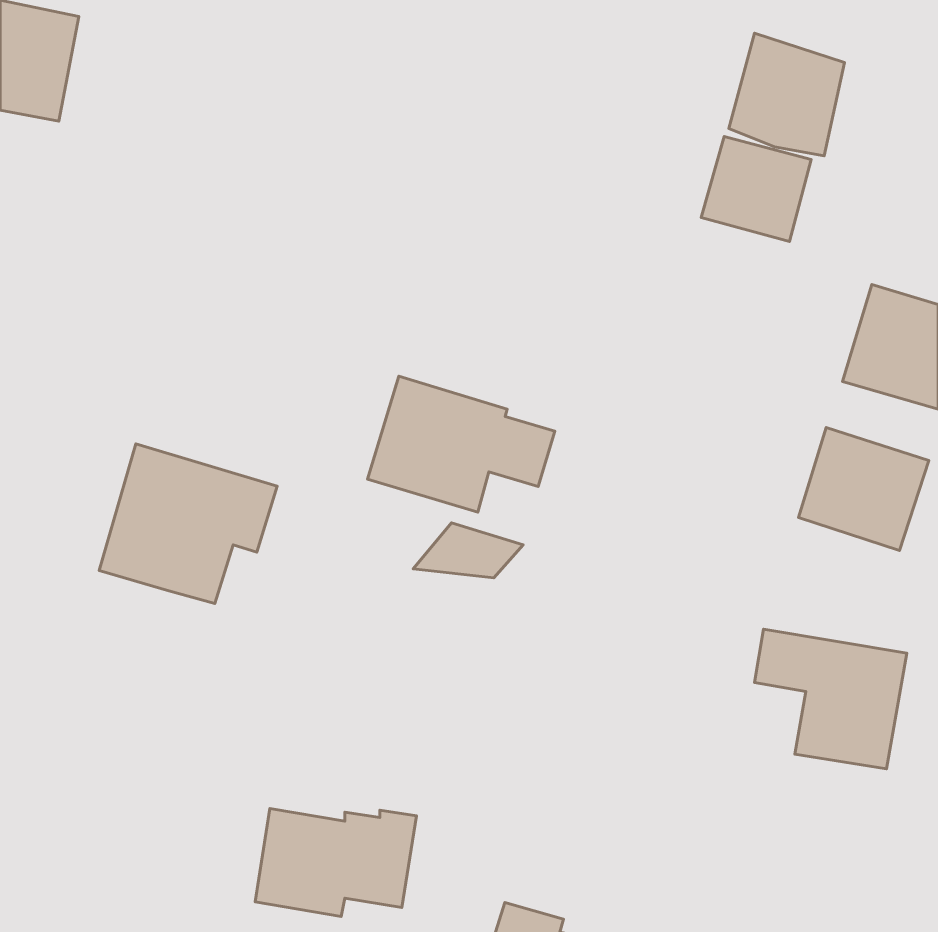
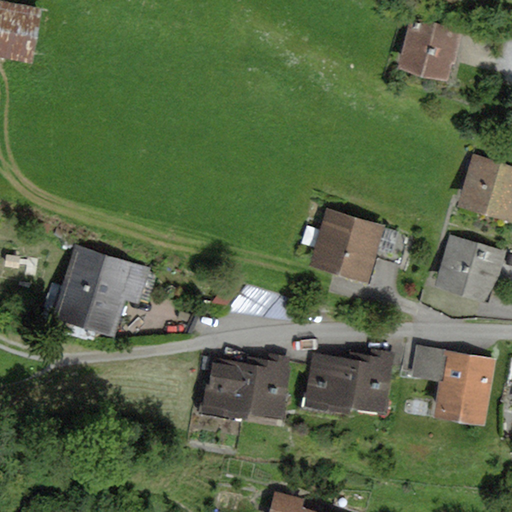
building: [701,137,811,241] -> none
building: [368,376,555,512] -> [309,206,411,280]
building: none -> [305,350,393,411]
building: [255,808,417,917] -> [201,355,289,414]

